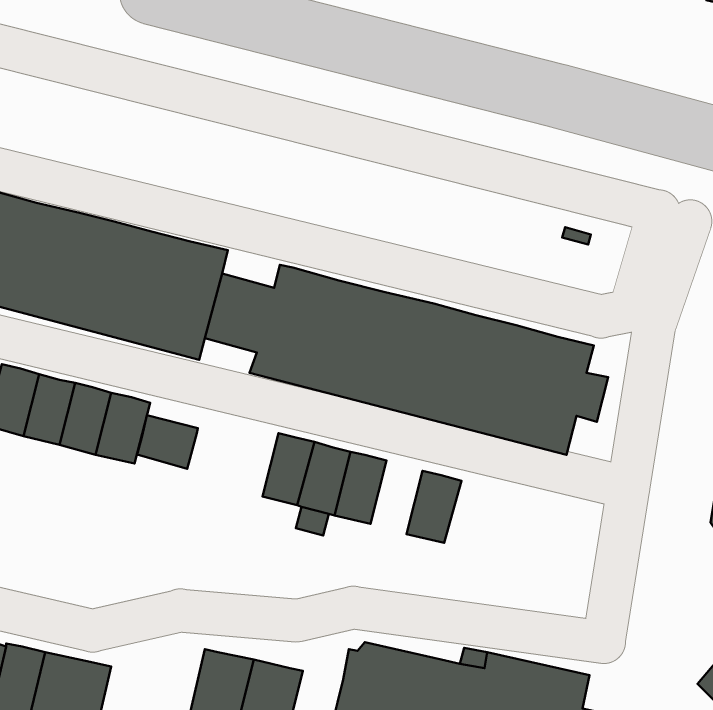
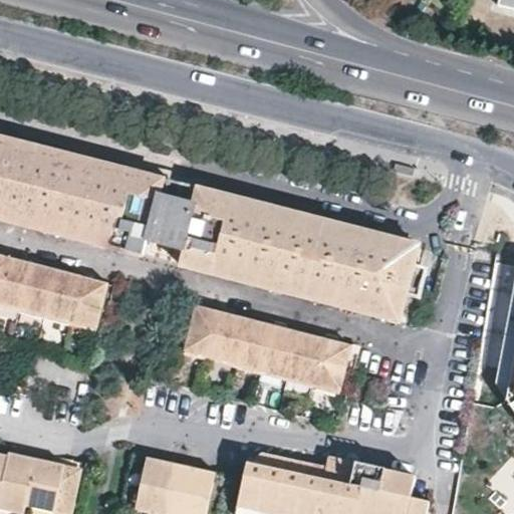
building: [137,415,198,469] -> none
building: none -> [262,325,298,376]
building: none -> [313,339,350,390]

